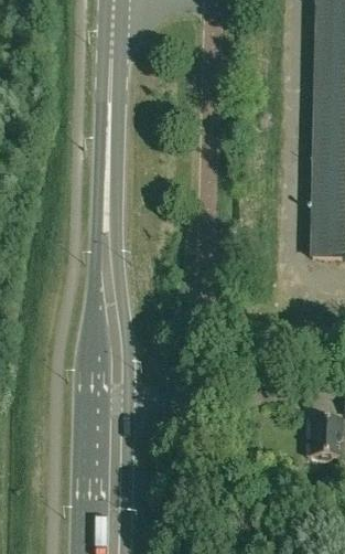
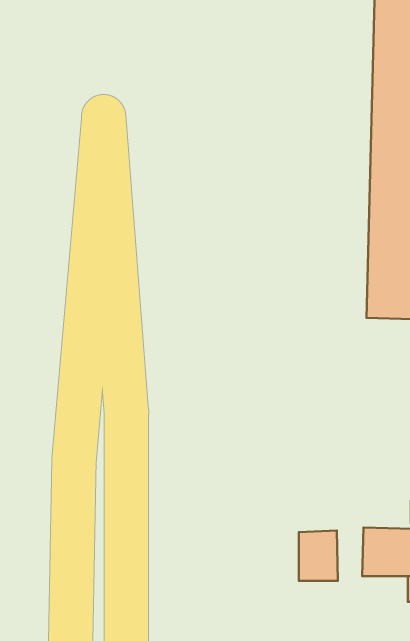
building: none -> [299,531,338,581]

